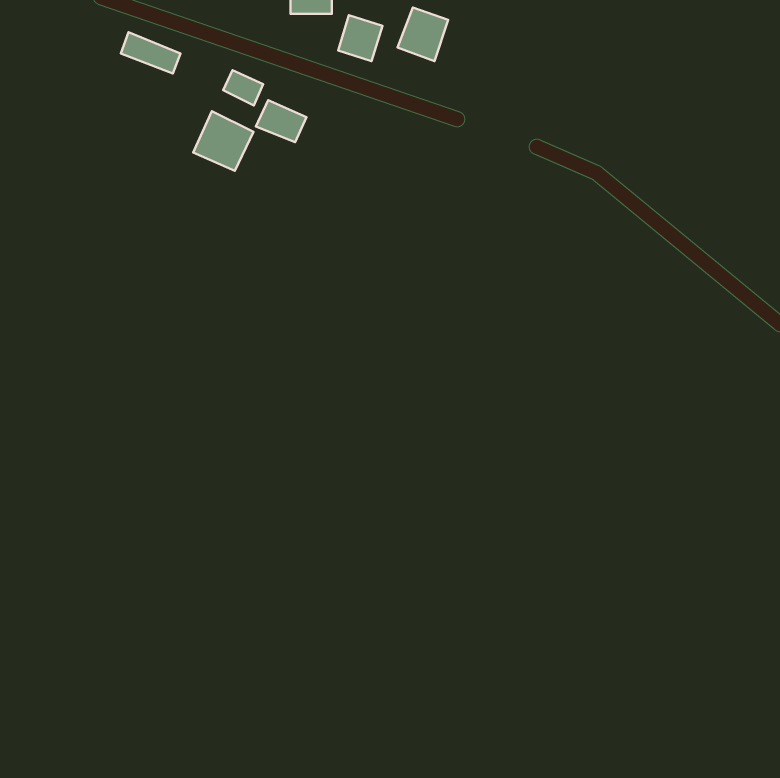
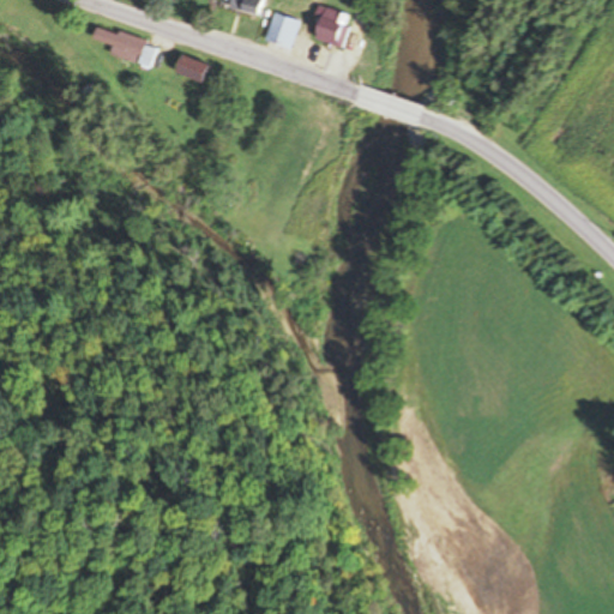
building: [256,100,306,142] -> none
building: [193,111,253,171] -> none

